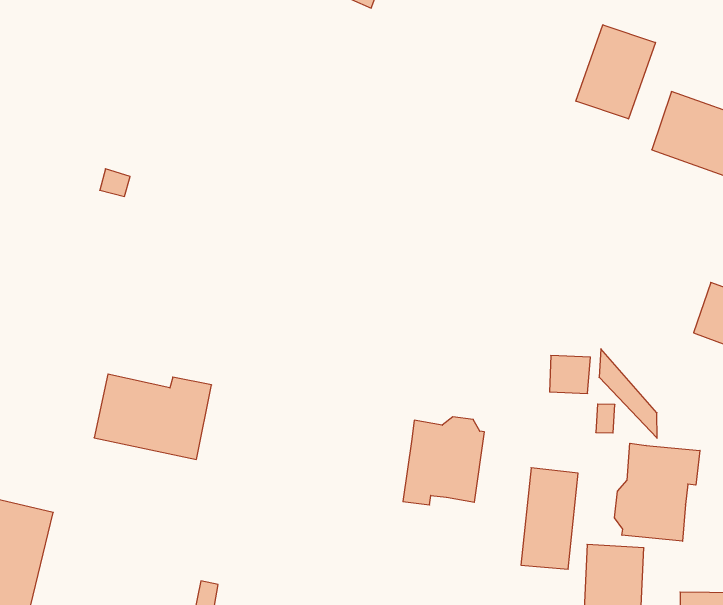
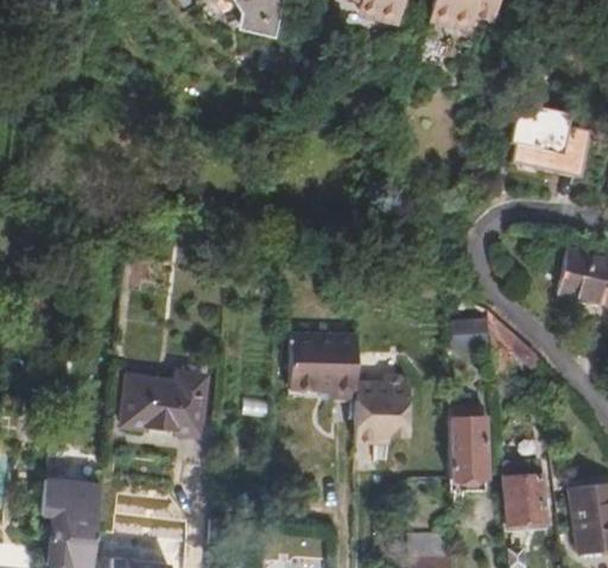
building: [576,25,655,119] -> none
building: none -> [292,332,361,398]
building: [615,443,700,541] -> none

